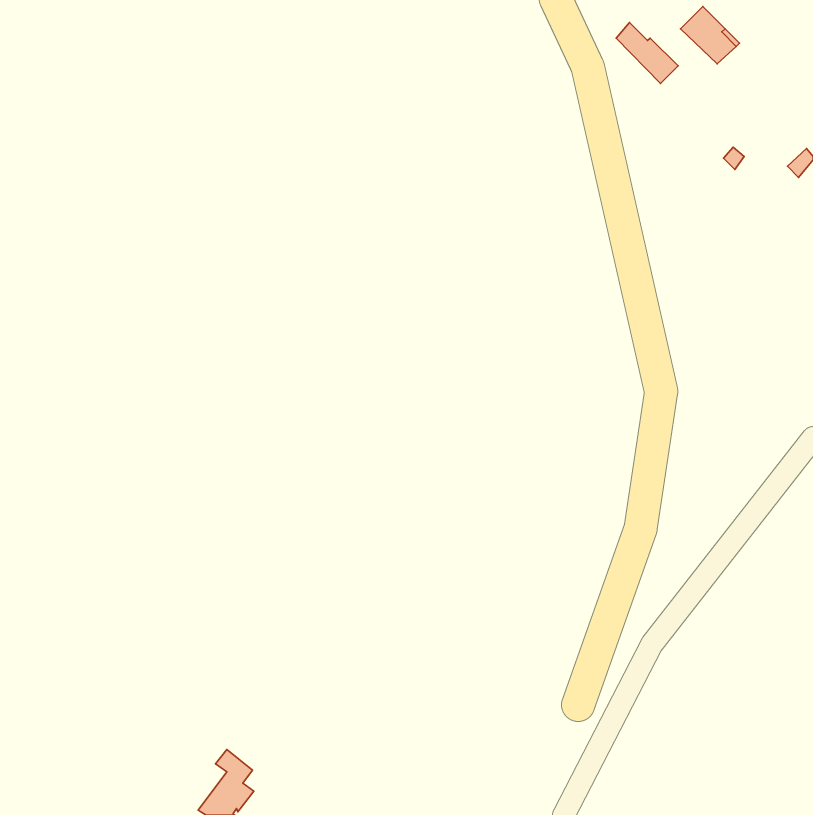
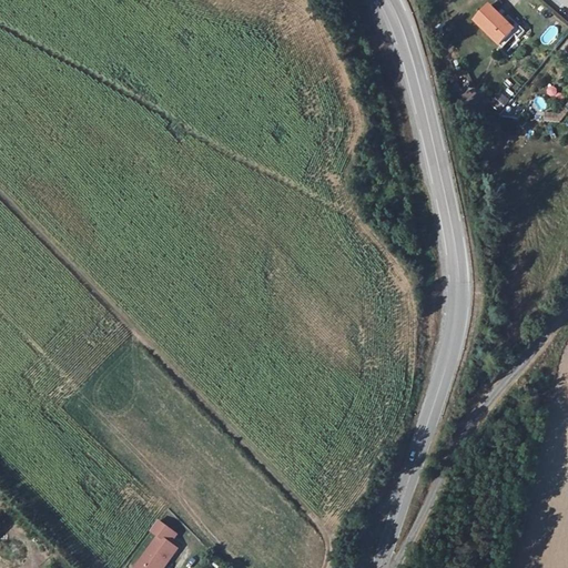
building: [616,23,678,84] -> none

